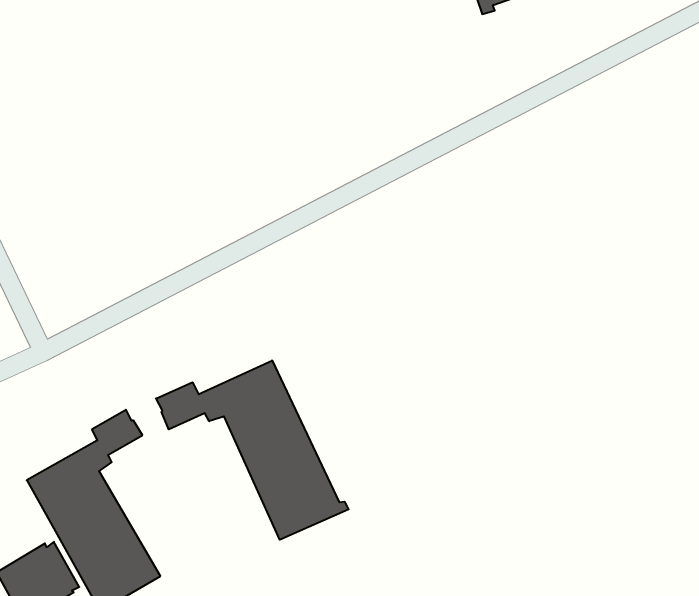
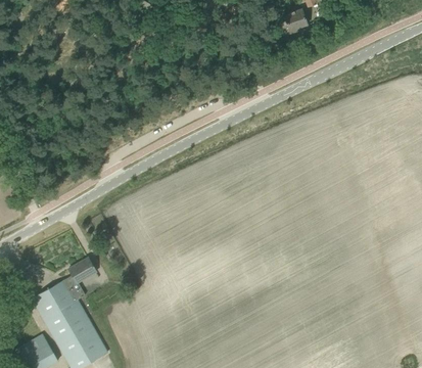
building: [156,360,349,540] -> none

